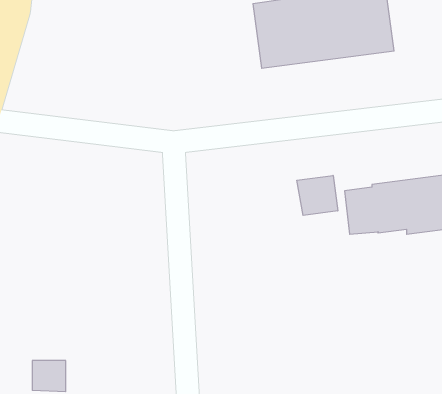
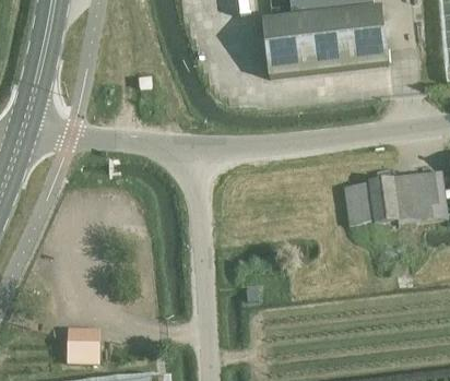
building: [297,175,338,215] -> none

